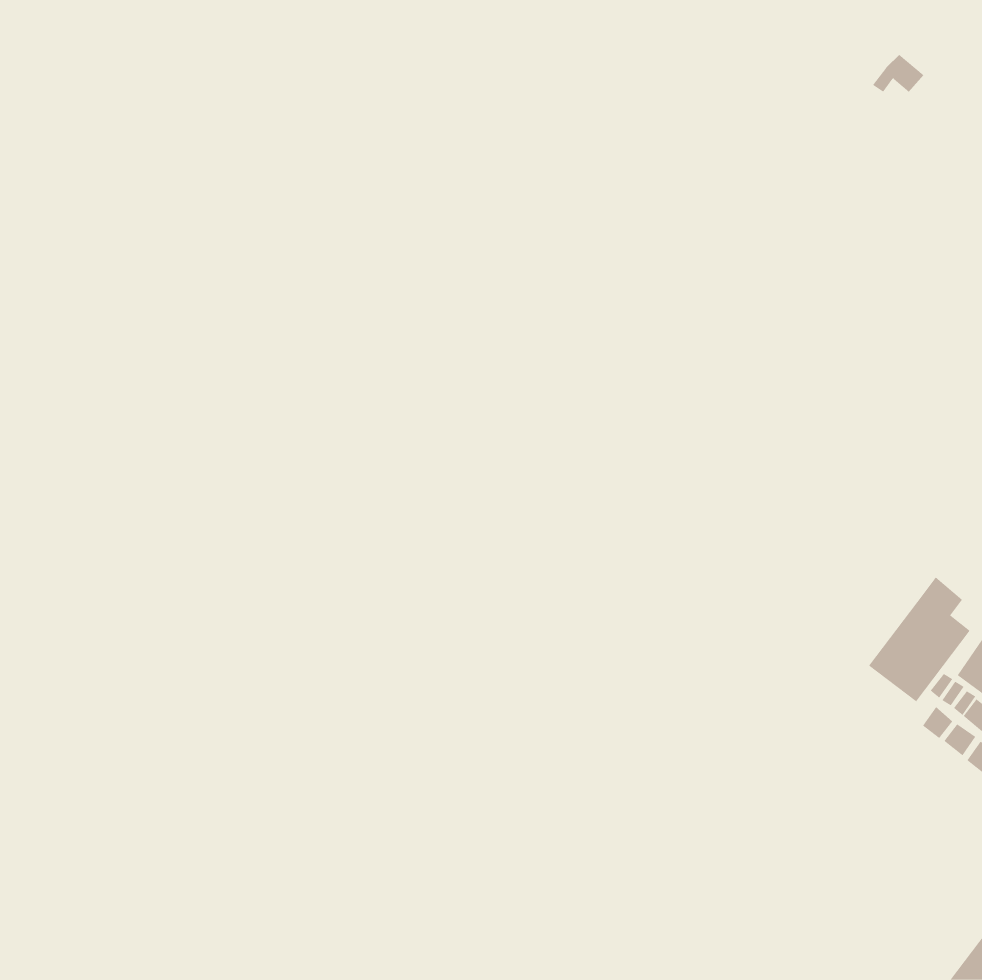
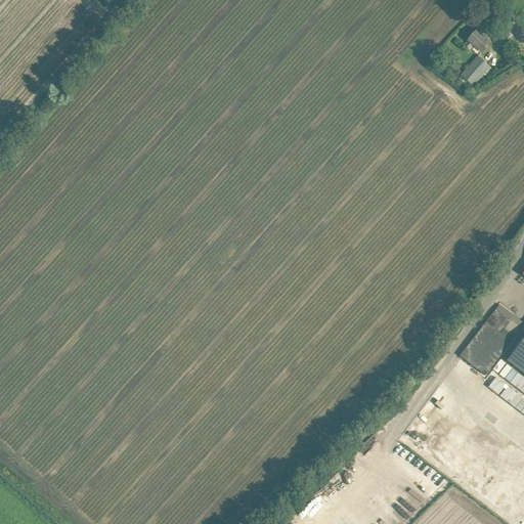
building: none -> [462,53,492,86]

